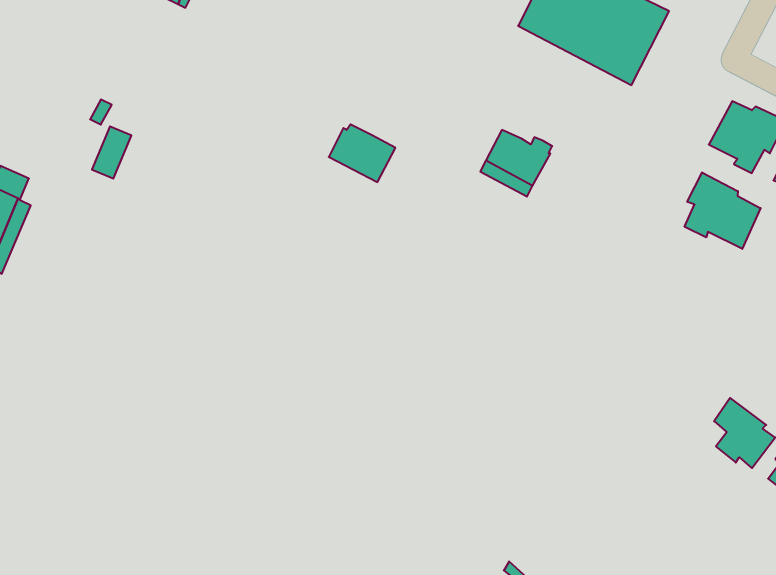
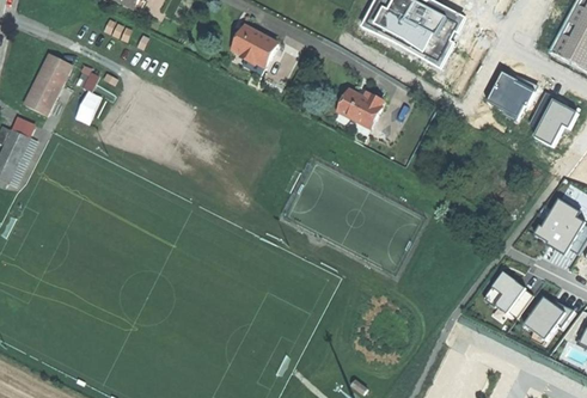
building: none -> [24,53,72,115]
building: [329,124,395,182] -> [233,27,277,66]
building: [685,172,761,249] -> none

